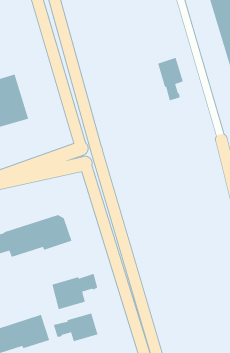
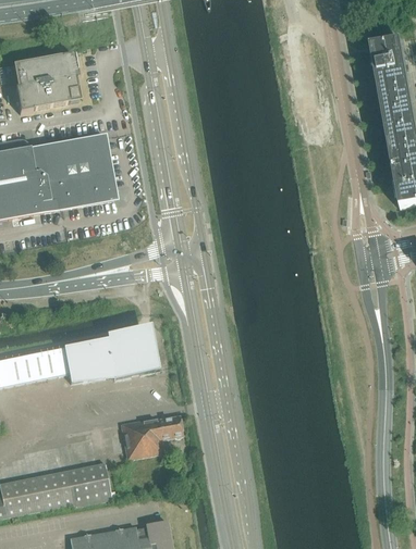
building: [157,57,184,101] -> none
building: [53,312,99,342] -> none

